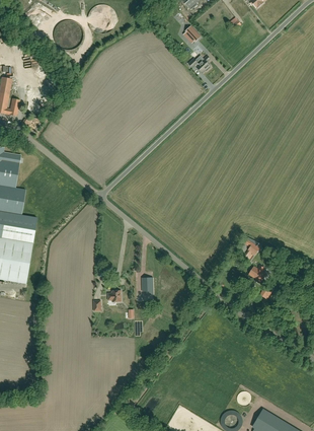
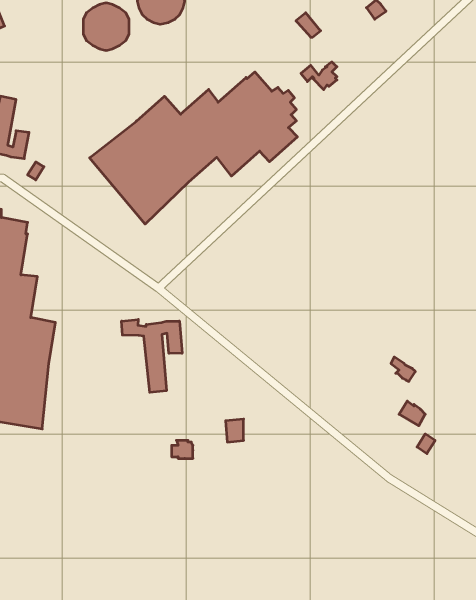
building: none -> [90,72,297,224]
building: none -> [122,319,182,392]

